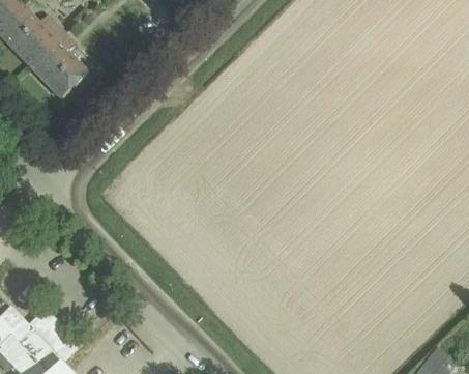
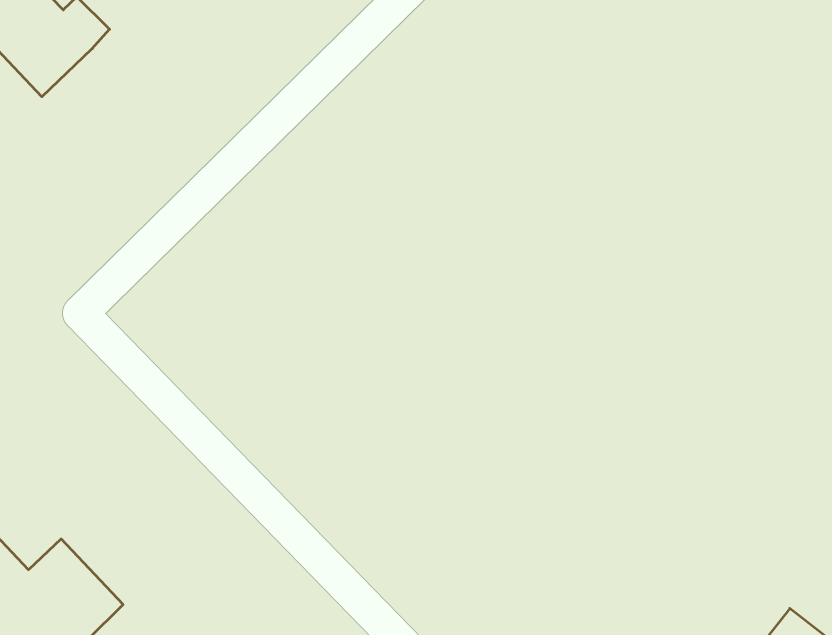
building: [34,47,87,99] -> none

